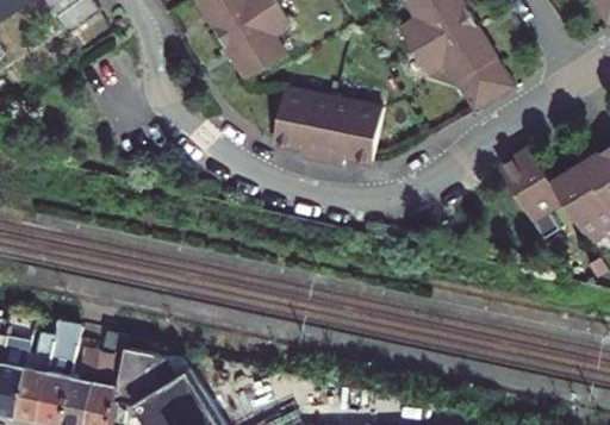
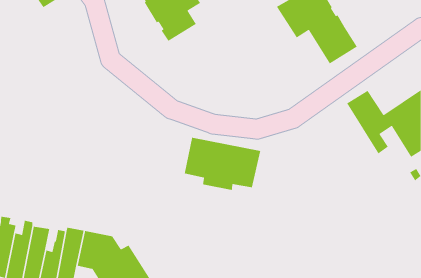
building: [274,89,384,165] -> [184,137,261,191]

